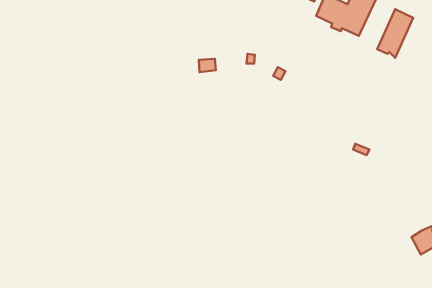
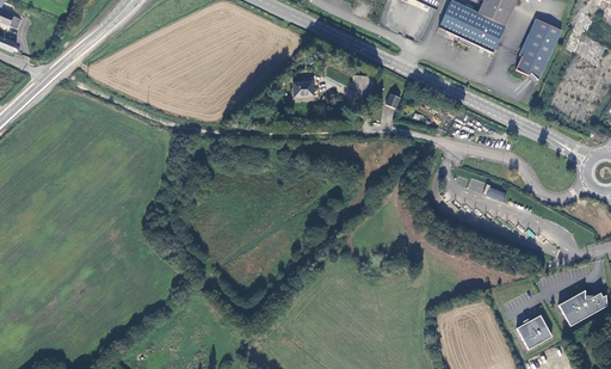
building: none -> [516,314,551,349]

